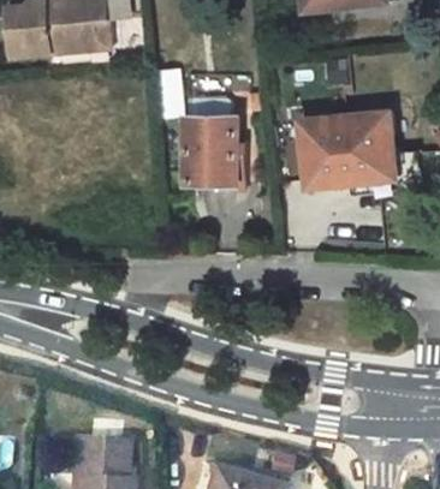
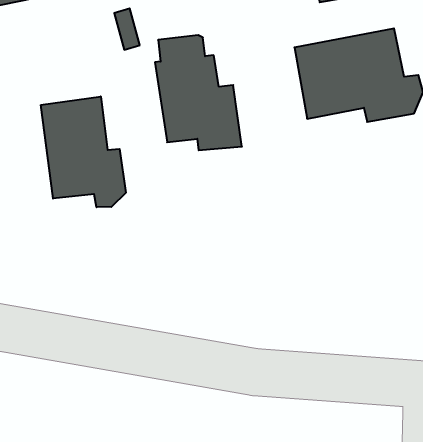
building: none -> [41,96,126,207]

